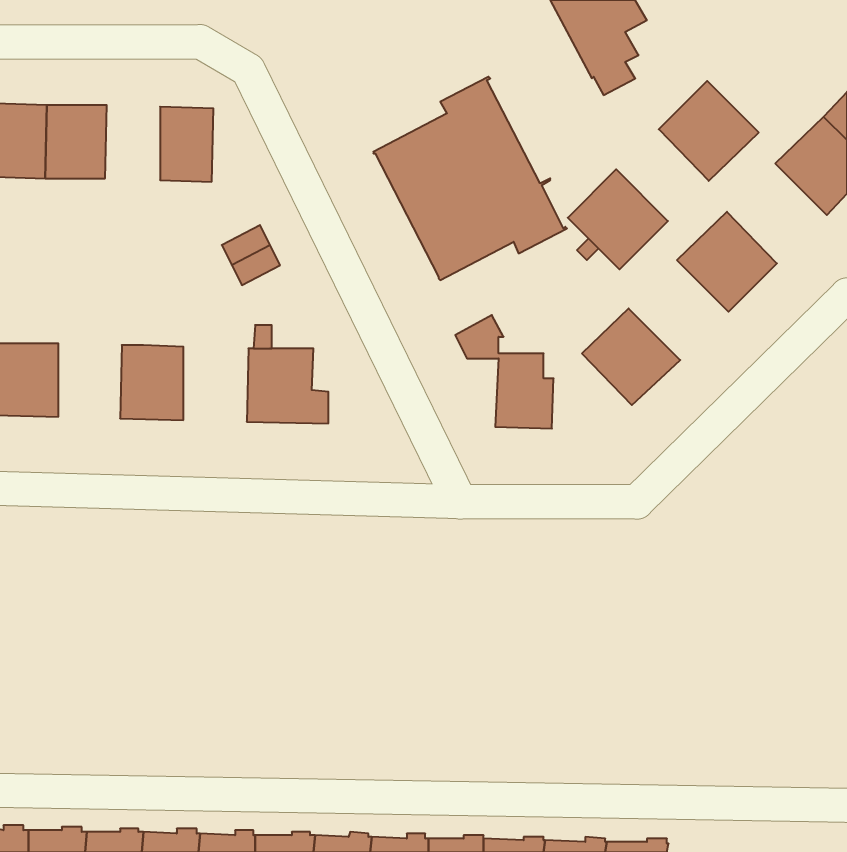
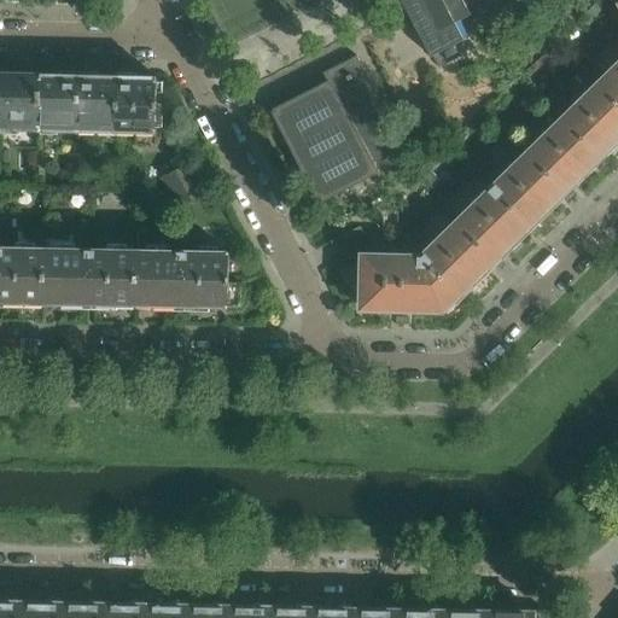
building: [659,81,759,181] -> [526,118,599,191]
building: none -> [76,76,116,130]
building: [568,169,668,269] -> [455,188,527,261]
building: none -> [42,249,88,303]
building: none -> [133,251,180,305]
building: none -> [393,256,457,310]

